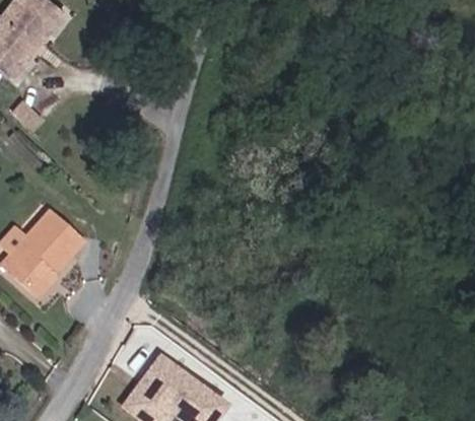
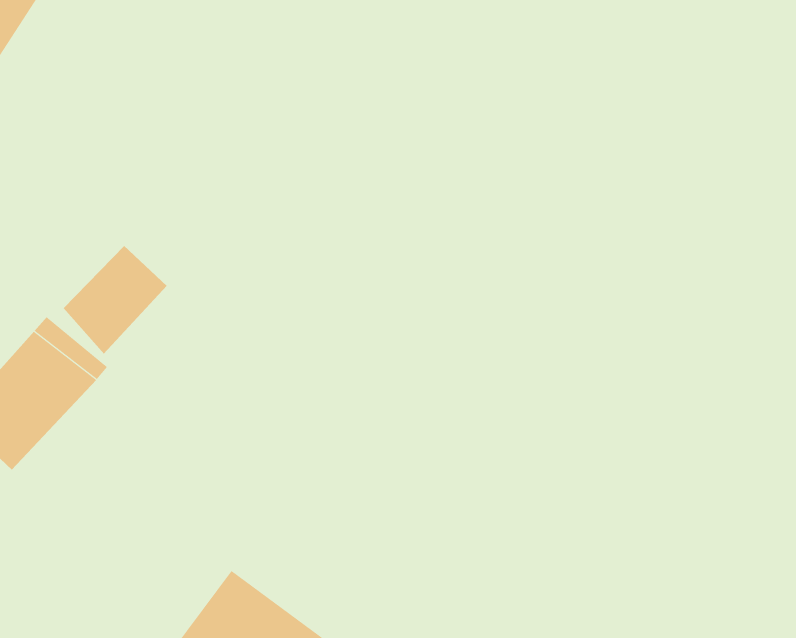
building: none -> [63,245,168,354]

